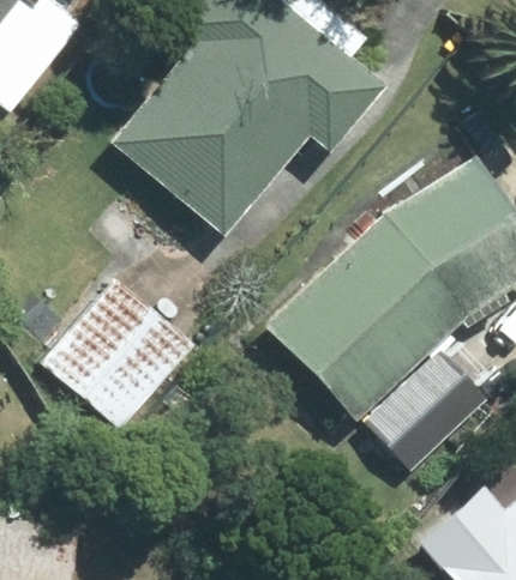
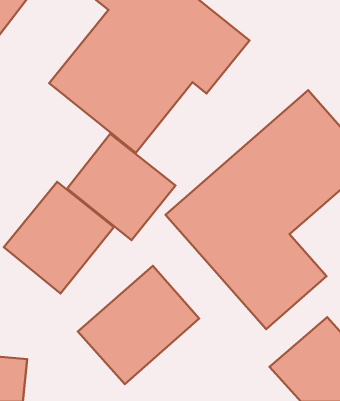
building: none -> [67,134,176,240]
building: none -> [78,266,199,384]

